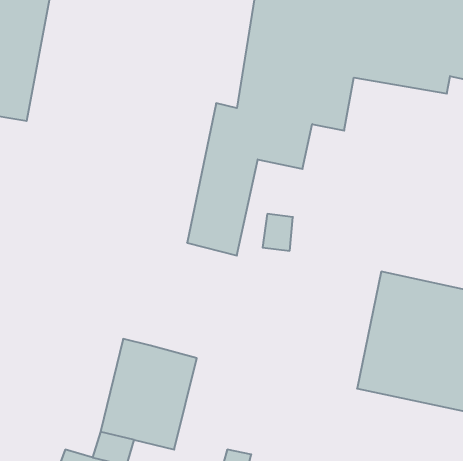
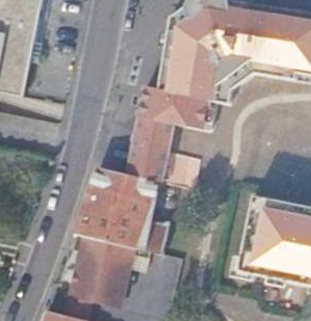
building: none -> [75,167,166,257]

